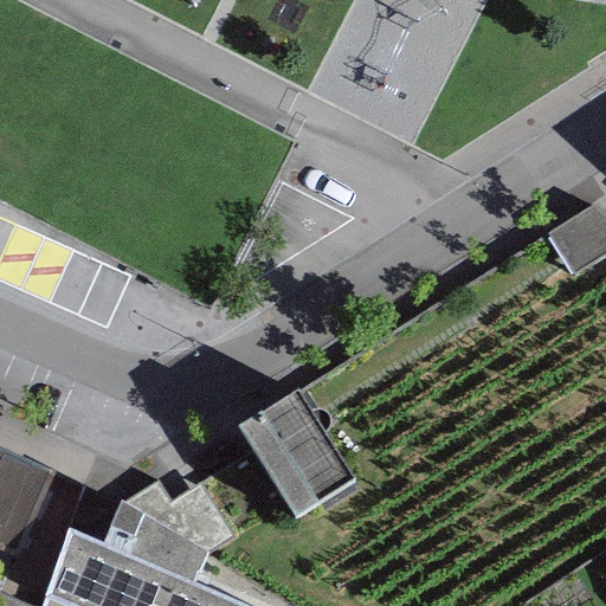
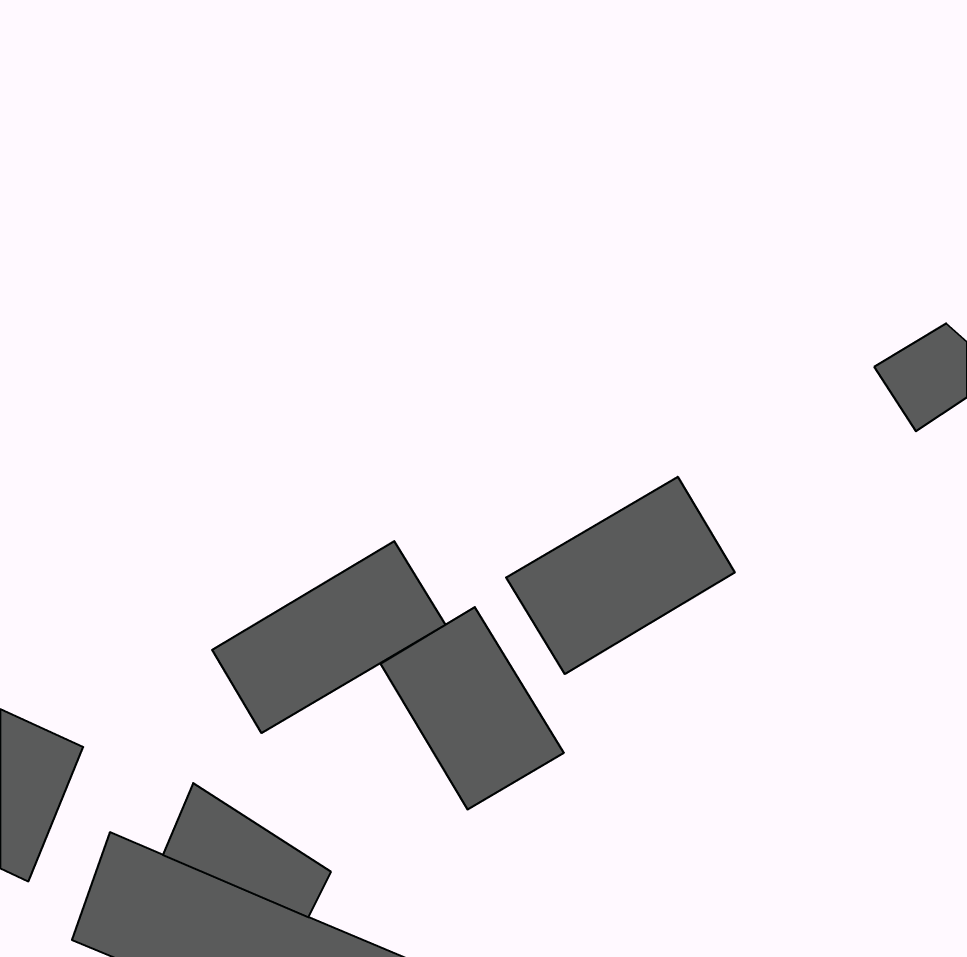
building: none -> [506,477,735,674]
building: none -> [212,541,445,733]

